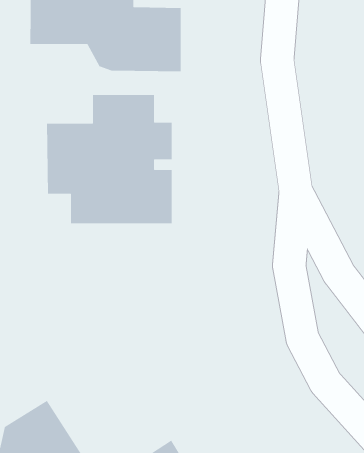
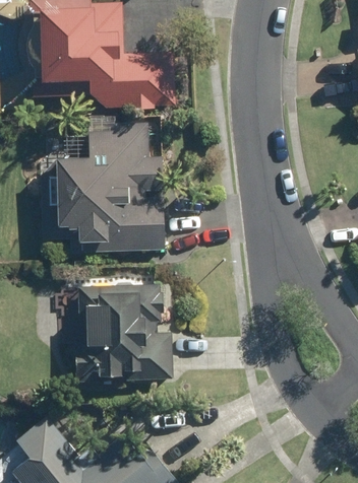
building: none -> [76,286,178,377]

